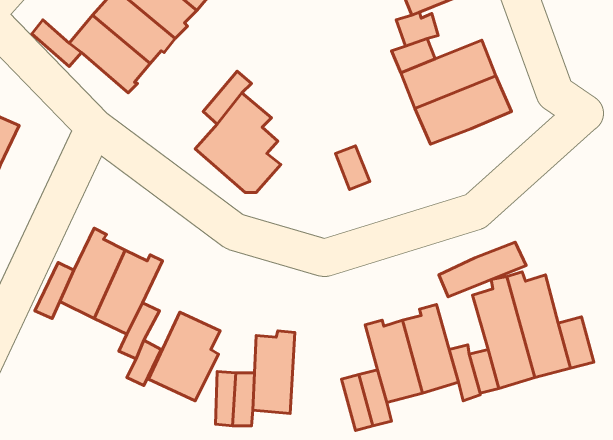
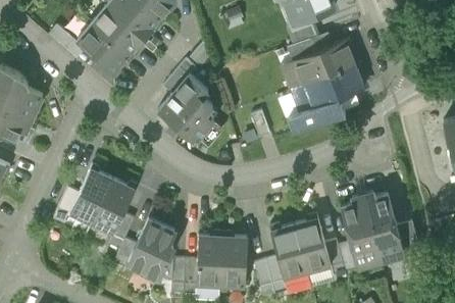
building: [439,242,526,297] -> [289,97,346,133]
building: none -> [220,231,247,285]

